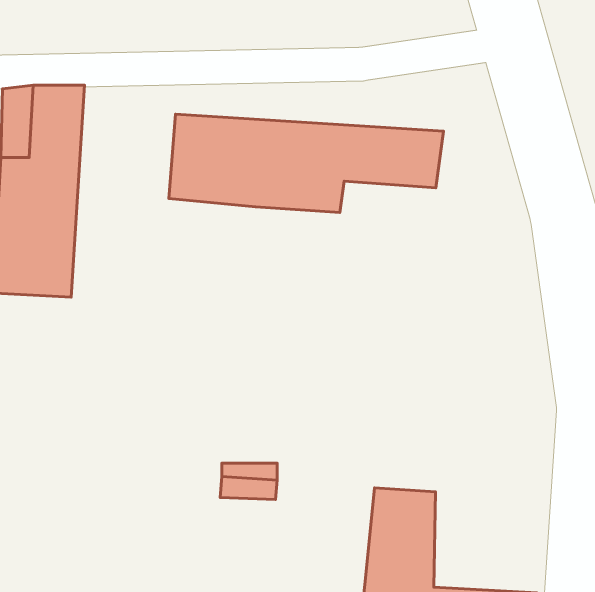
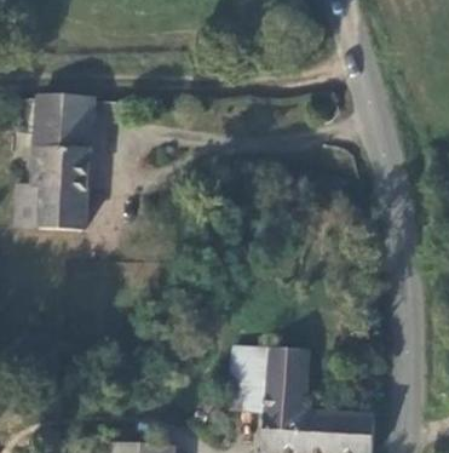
building: [169,114,444,212] -> none
building: none -> [237,344,275,407]

